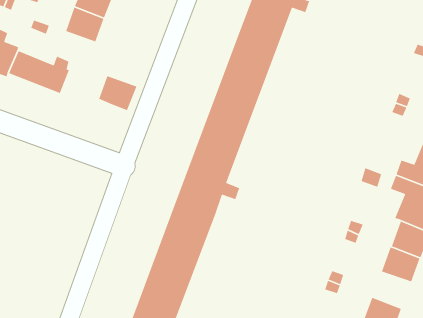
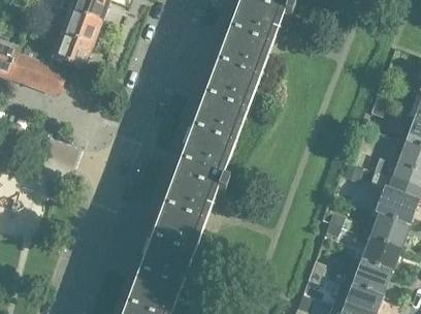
building: [98,75,137,111] -> [56,33,93,67]
building: none -> [352,259,393,295]

